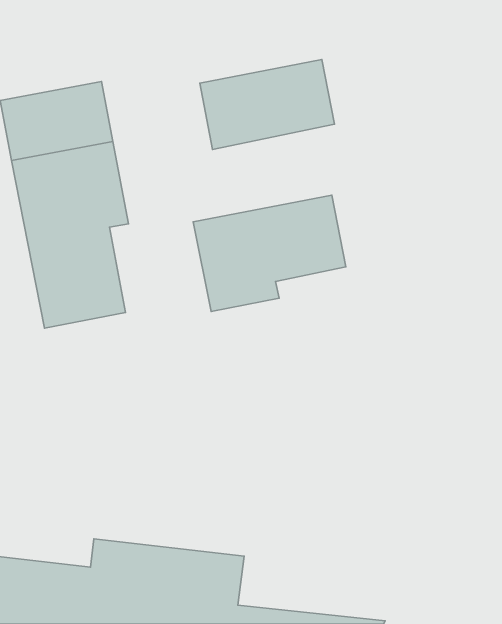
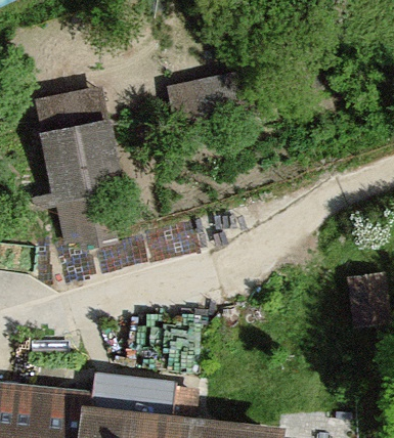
building: [193,195,346,312] -> none

